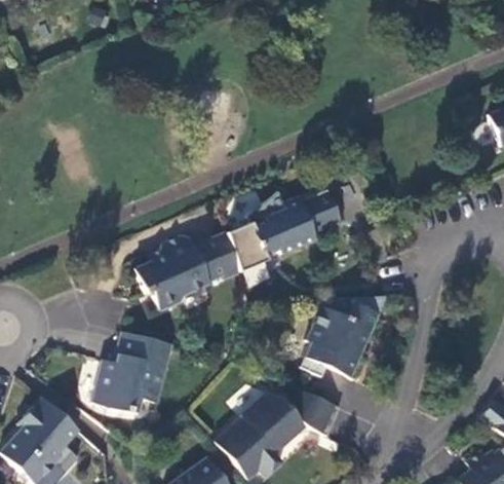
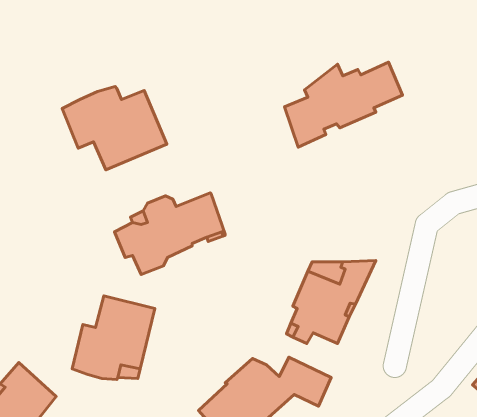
building: none -> [62,87,167,170]
building: [228,189,342,271] -> [284,62,402,147]

